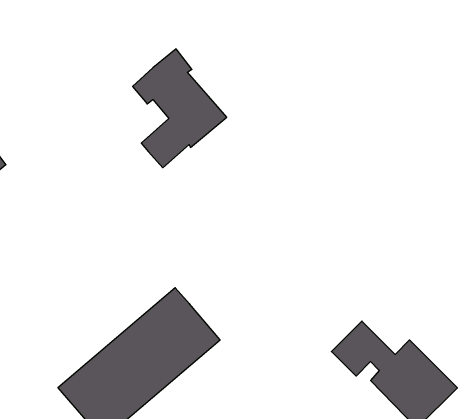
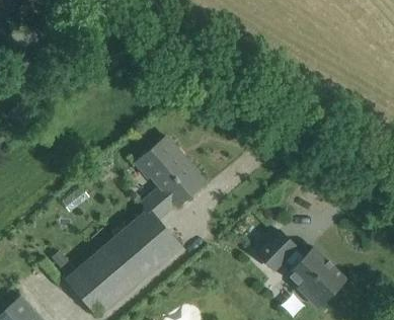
building: [133,49,227,168] -> [138,137,204,220]

